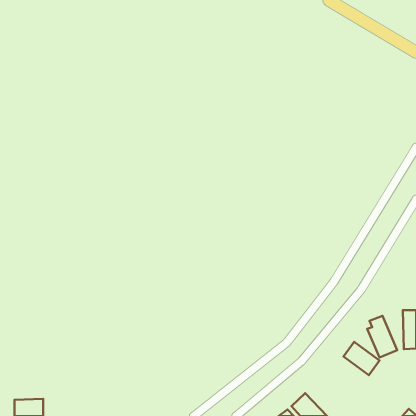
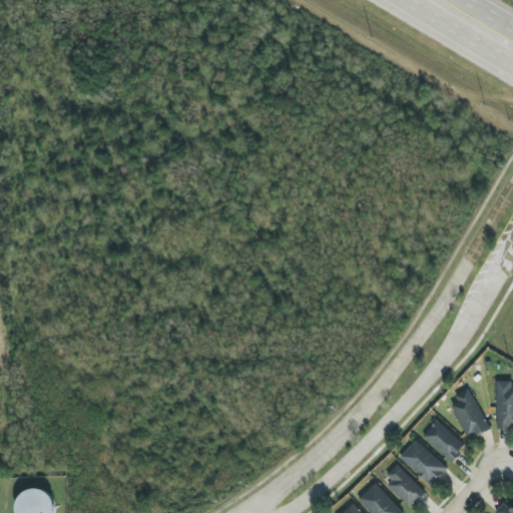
building: none -> [401,440,448,486]
building: none -> [383,465,426,506]

